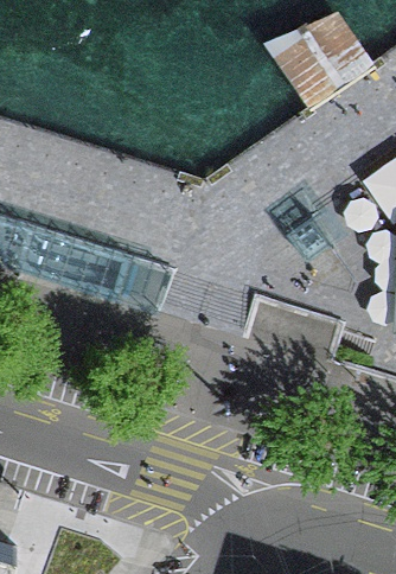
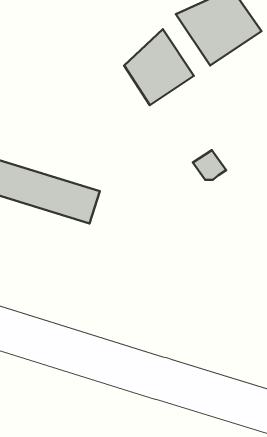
building: none -> [124,29,194,105]

